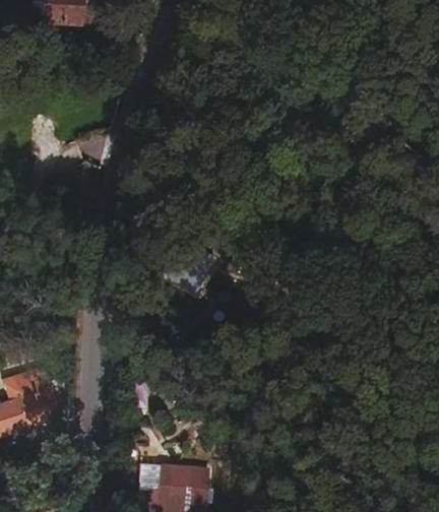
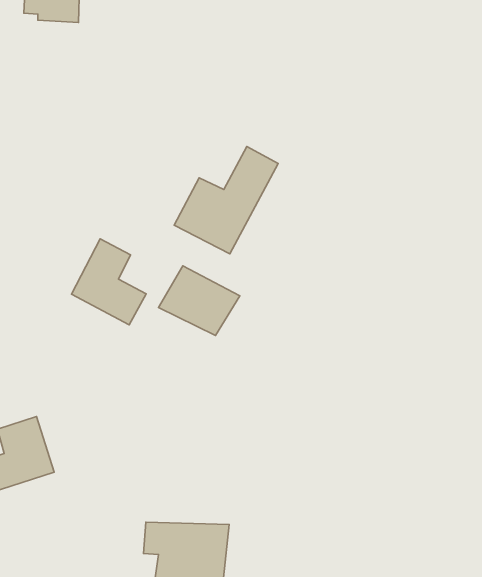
building: none -> [174,146,278,254]
building: none -> [71,239,146,325]

